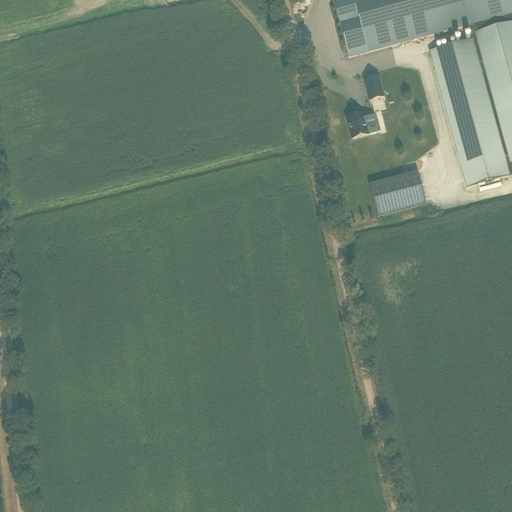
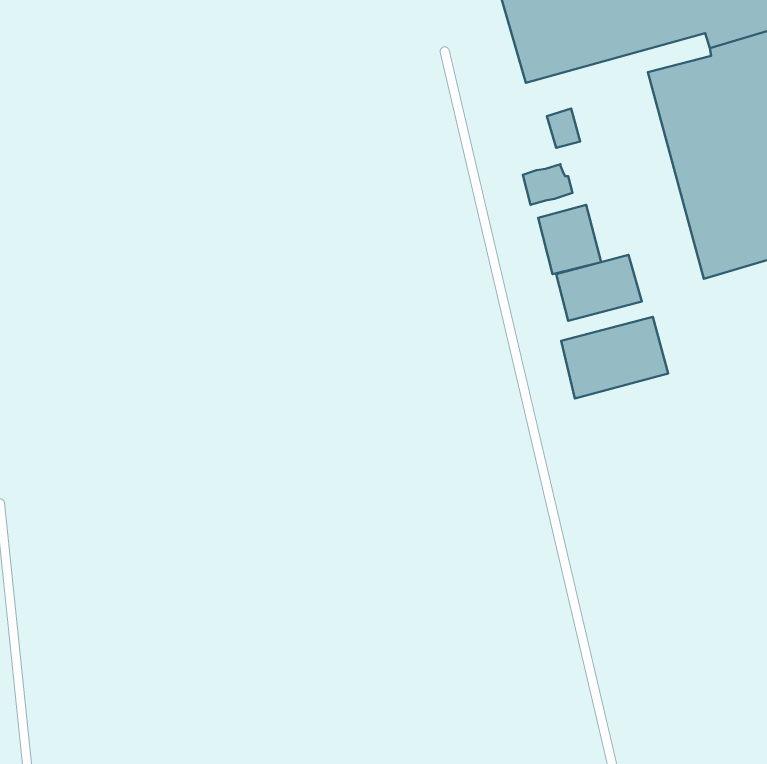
building: none -> [538,205,601,274]
building: none -> [561,317,668,398]

